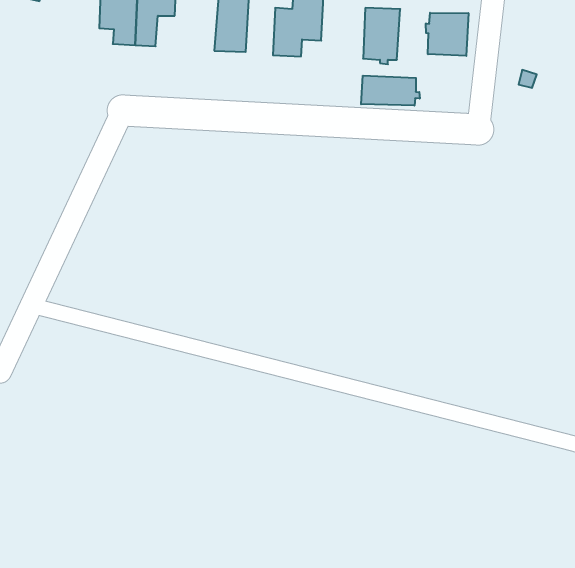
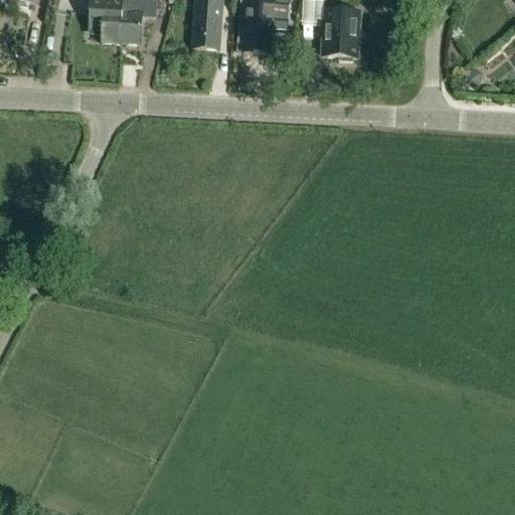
building: [426,13,468,56] -> none
building: [361,76,420,106] -> none

